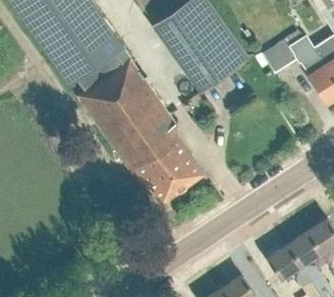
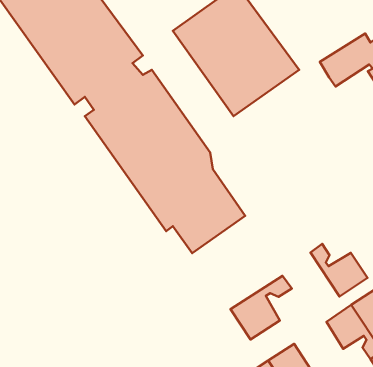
building: none -> [311,244,367,296]
building: none -> [231,276,292,340]

